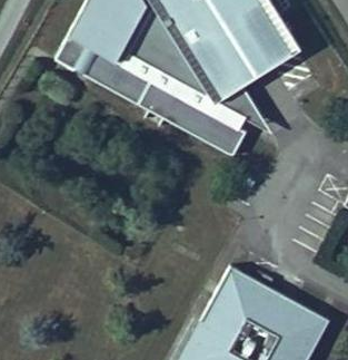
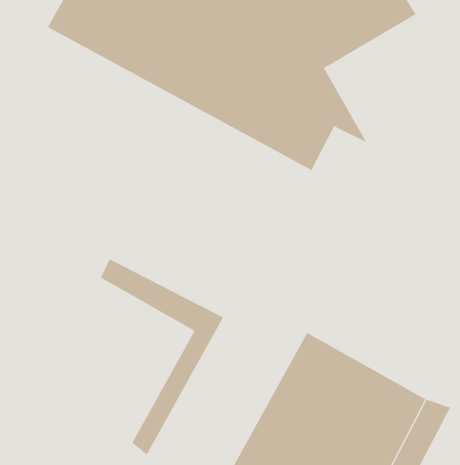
building: none -> [100,258,224,456]

